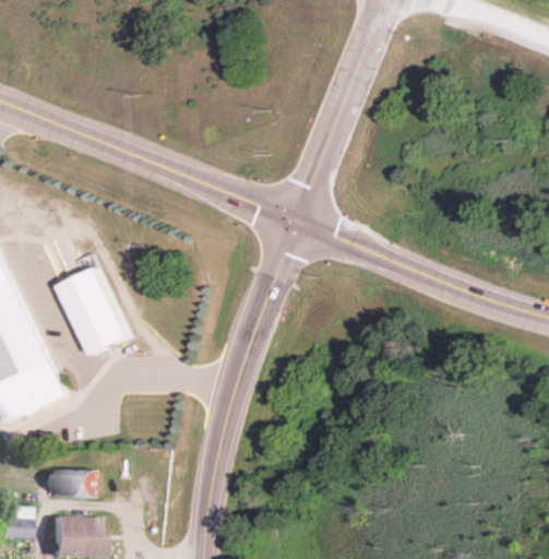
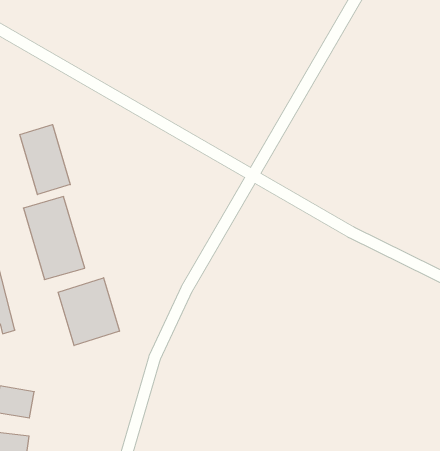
building: none -> [20,125,70,195]
building: none -> [58,278,119,346]

